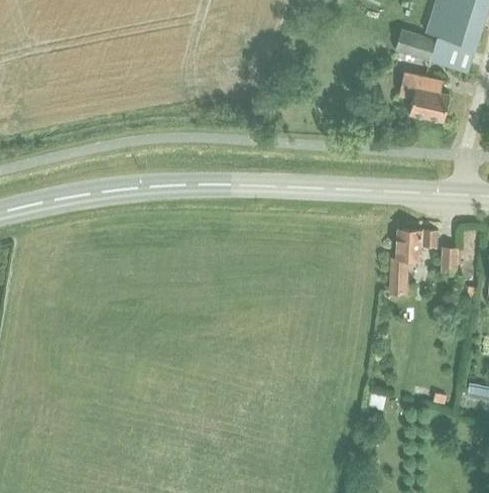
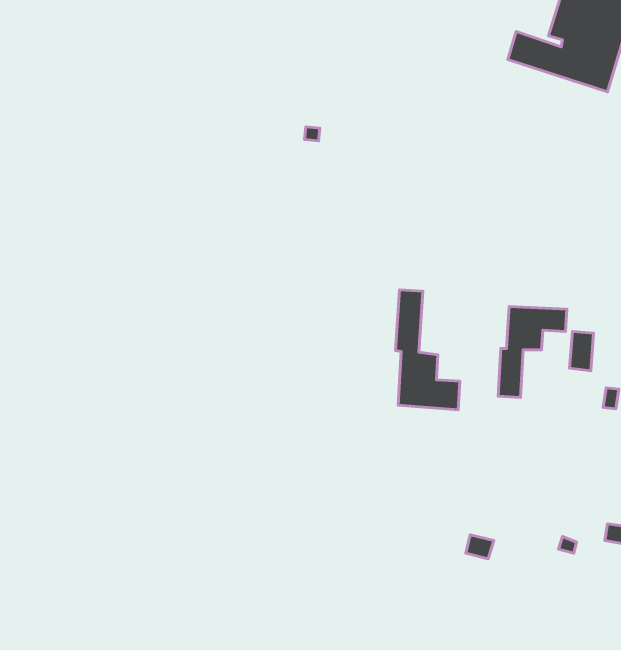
building: [399,73,450,121] -> none
building: none -> [395,290,460,410]

